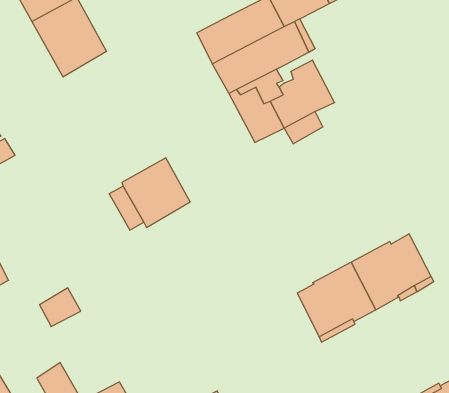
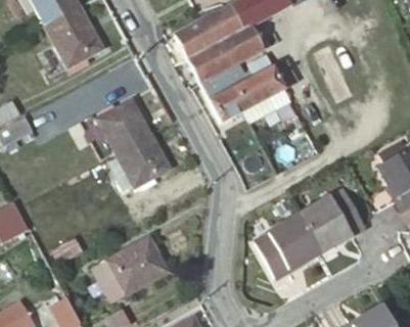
building: none -> [97,98,151,151]
building: none -> [104,236,167,295]

